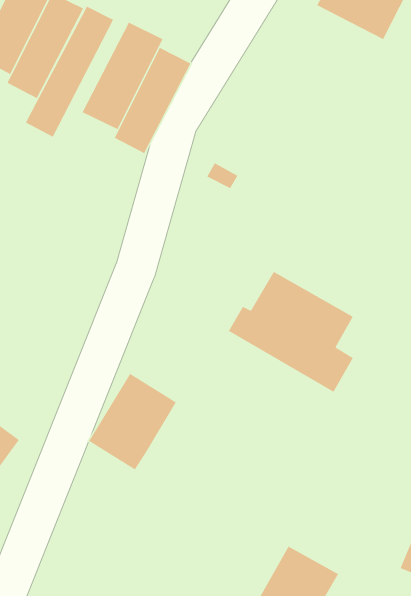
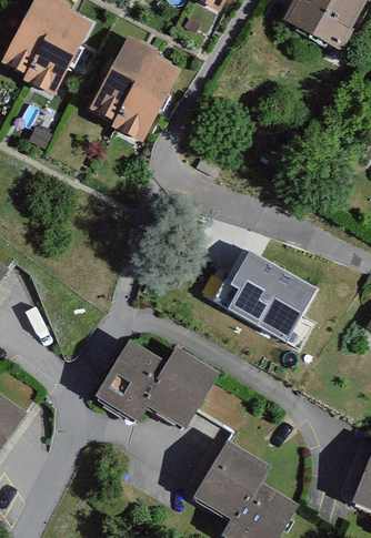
building: [25,6,114,138] -> none
building: none -> [142,344,214,422]
building: none -> [194,430,270,509]

